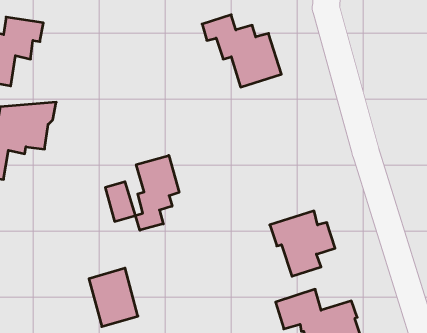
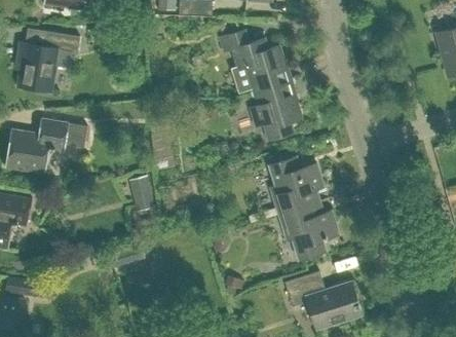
building: none -> [250,82,301,141]
building: [136,155,179,230] -> none
building: none -> [269,158,322,215]

